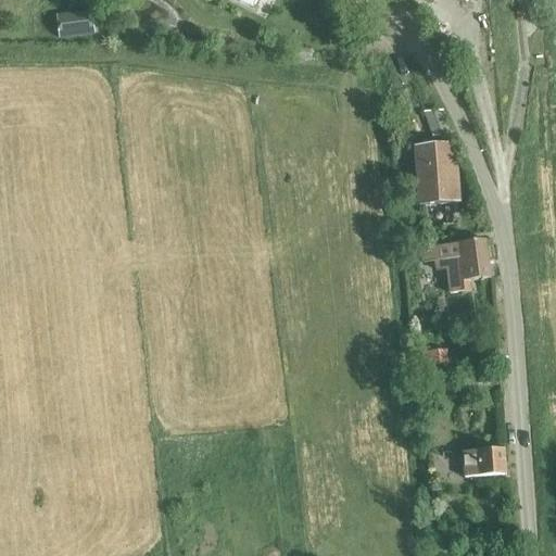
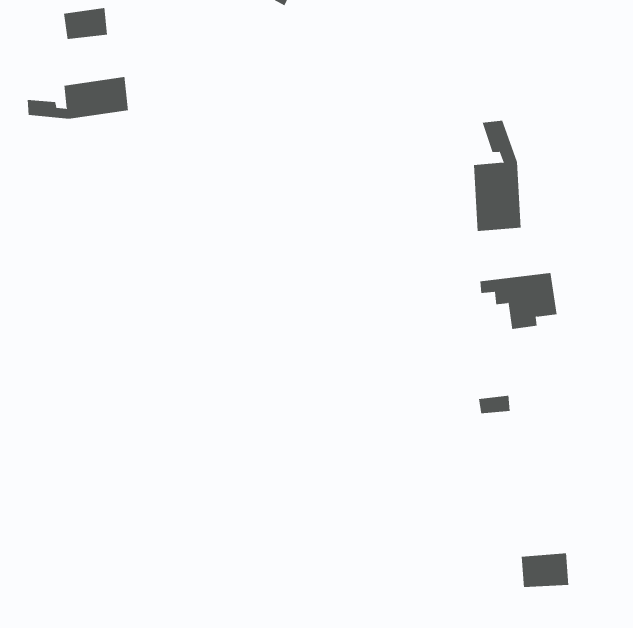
building: none -> [27,76,129,120]
building: [462,445,504,476] -> [521,553,569,588]

